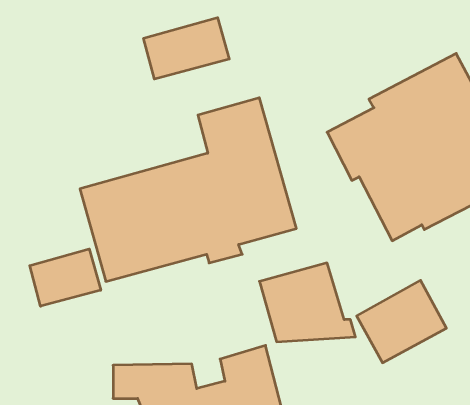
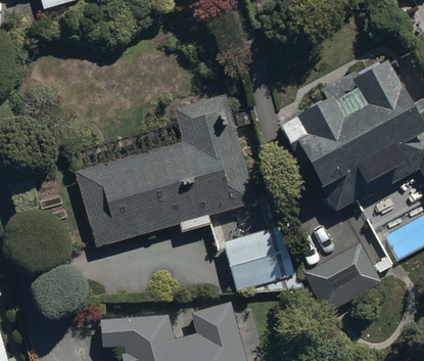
building: [144,18,229,79] -> none
building: [30,249,101,306] -> none

